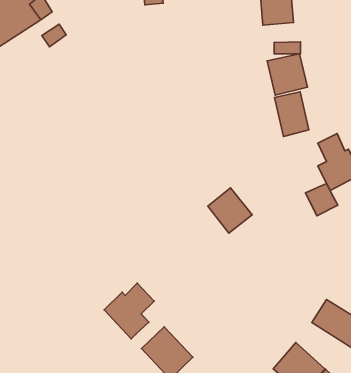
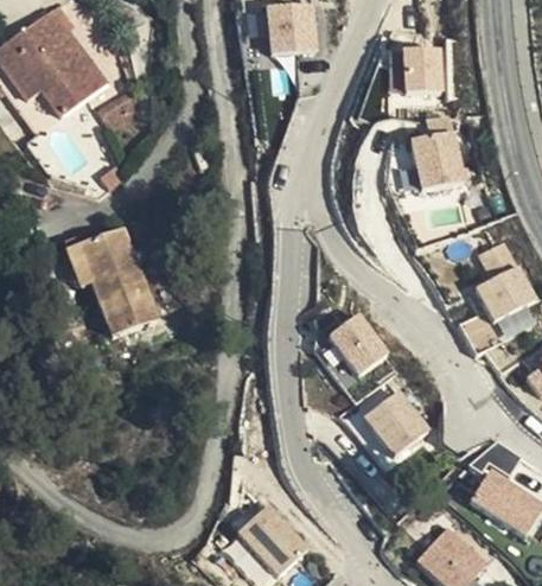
building: [275,92,309,137] -> none
building: none -> [65,233,155,338]
building: none -> [364,390,429,456]
building: [104,283,154,339] -> none

